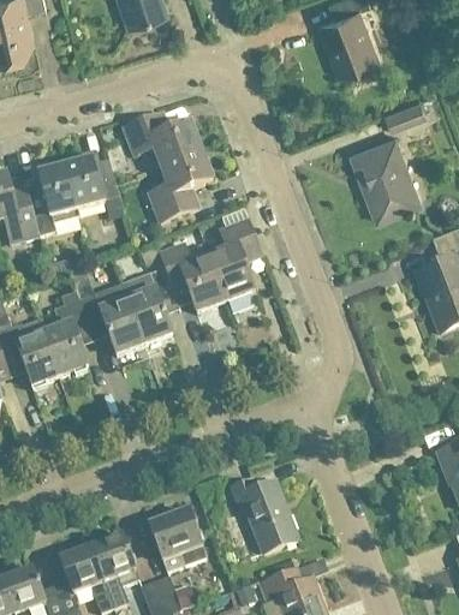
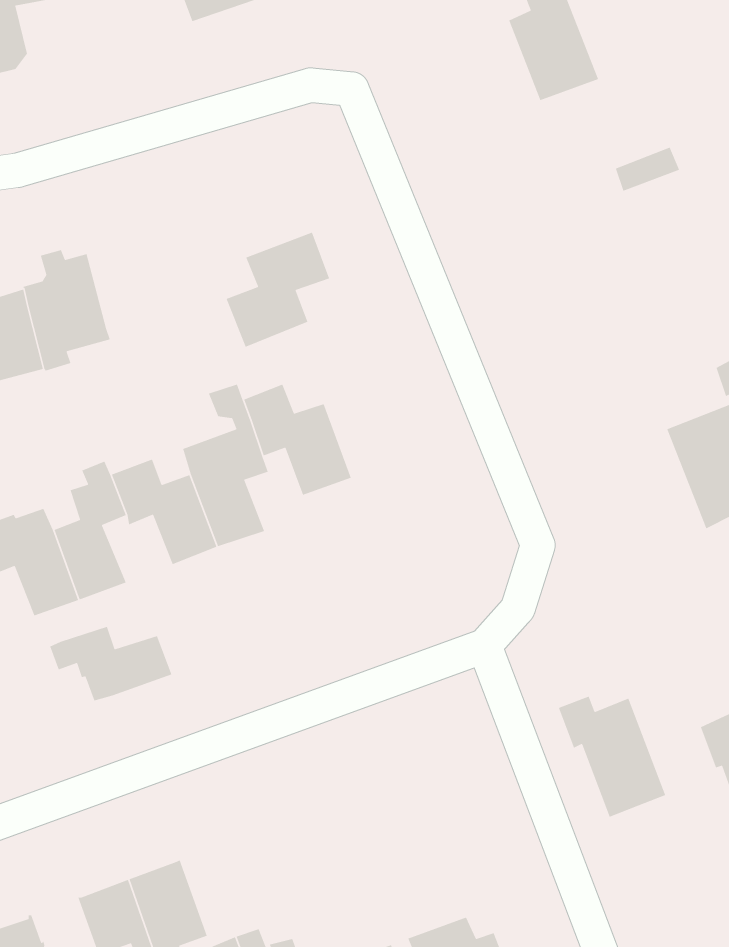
building: [124,114,202,166] -> none
building: [351,135,421,219] -> none
building: [65,150,119,209] -> none
building: [209,219,262,300] -> none
building: none -> [49,626,172,701]
building: [232,477,298,551] -> [558,696,666,818]
building: [149,508,205,571] -> none

